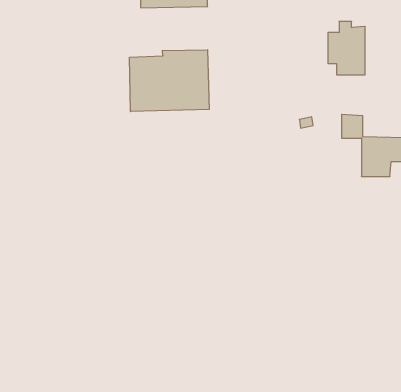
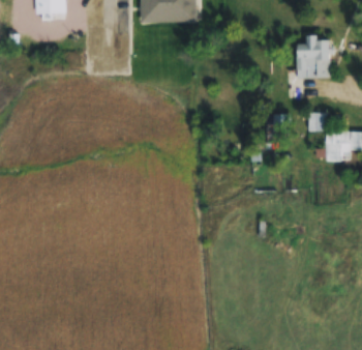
building: [130,50,209,112] -> none

